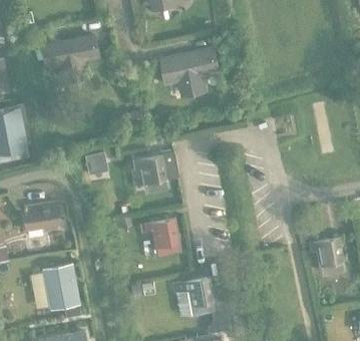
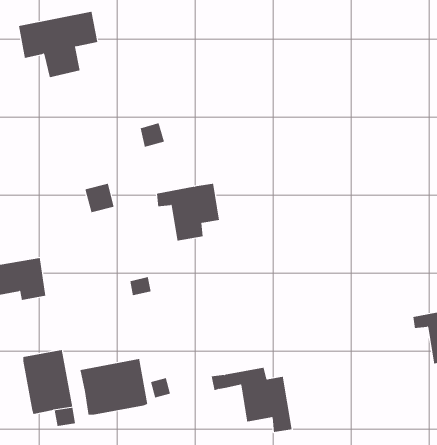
building: [160,50,215,93] -> none
building: [145,218,179,255] -> none
building: none -> [80,358,148,416]

